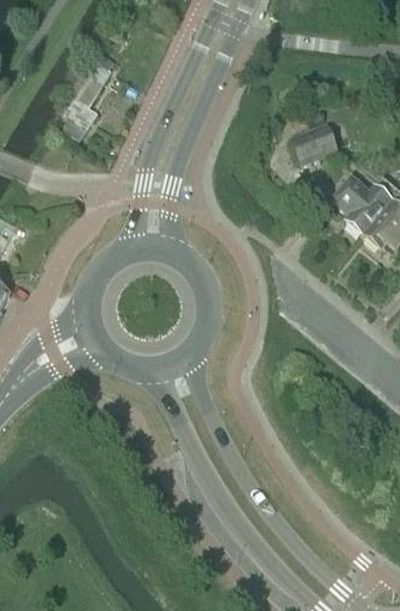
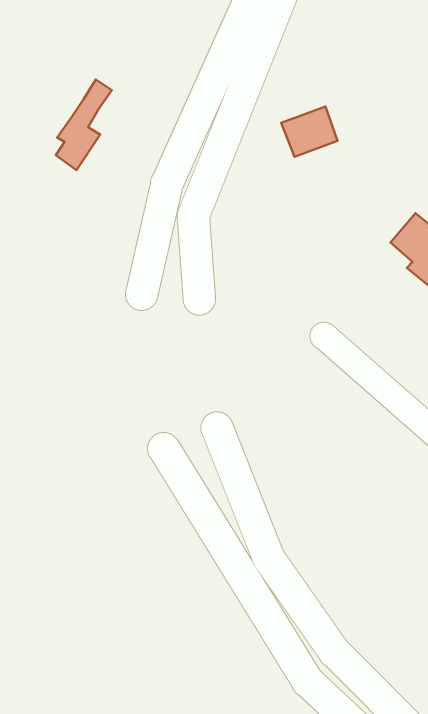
building: [291,121,337,161] -> [281,107,337,157]

